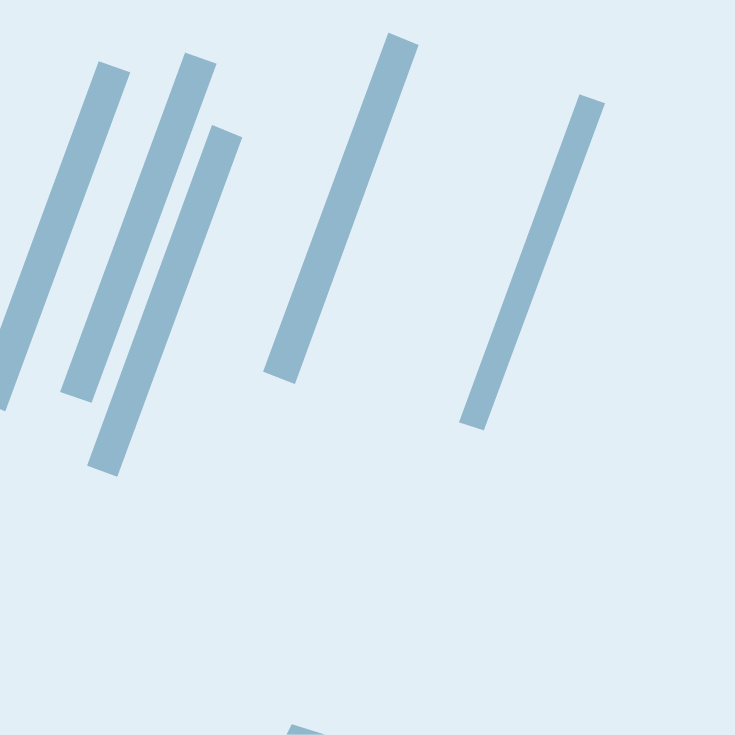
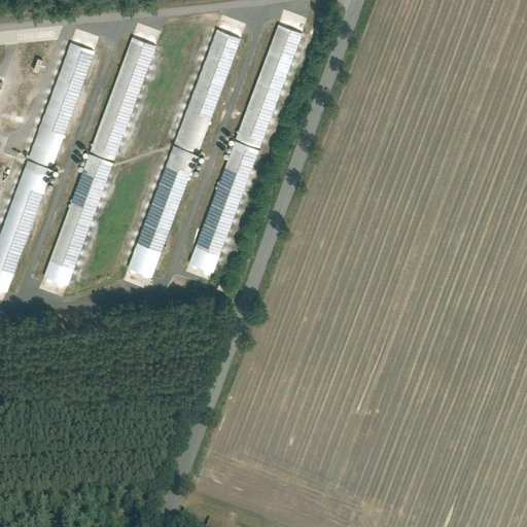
building: [458,94,606,431] -> none
building: [86,124,243,477] -> [128,28,240,280]

